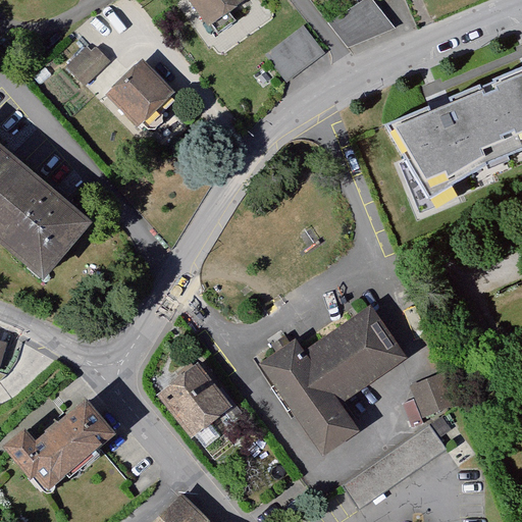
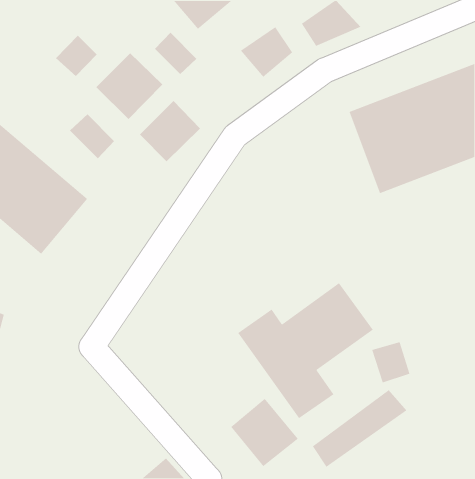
building: none -> [154,32,197,75]
building: none -> [139,100,201,162]
building: none -> [69,114,115,159]
building: [161,360,236,435] -> [230,398,299,467]
building: [4,397,120,493] -> none

